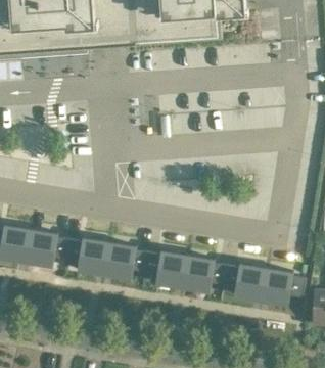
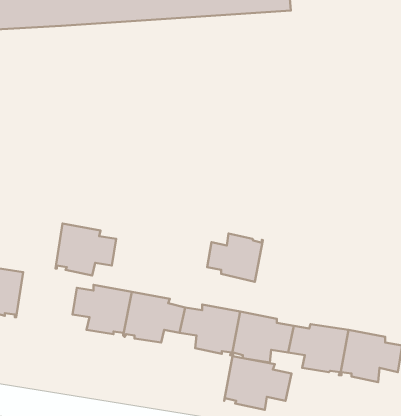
building: none -> [207,234,263,282]
building: [24,229,67,267] -> [56,223,116,275]
building: none -> [224,356,292,410]

